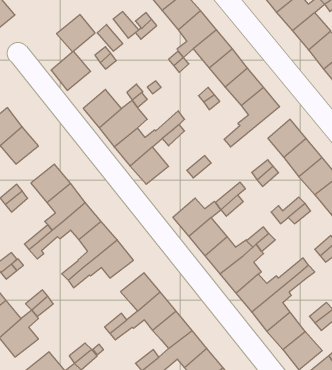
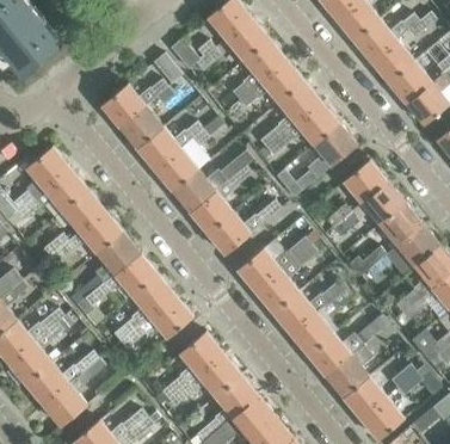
building: [57,15,95,52] -> [118,106,161,148]
building: none -> [61,190,104,232]
building: none -> [206,212,249,254]

